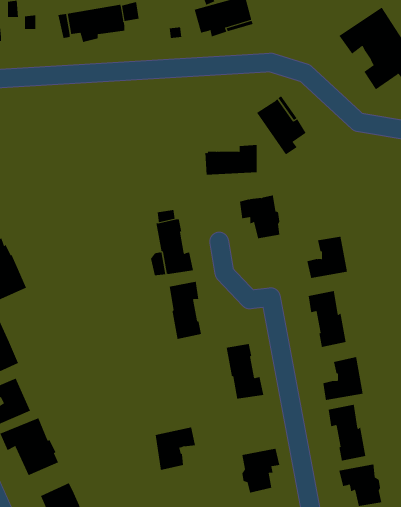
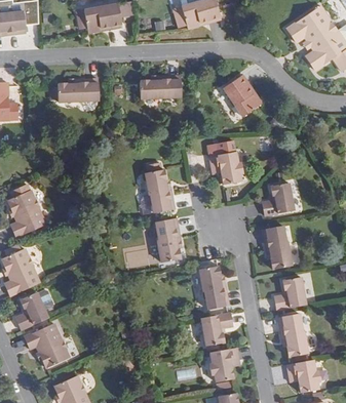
building: none -> [48,79,99,103]
building: [204,145,257,175] -> [140,76,181,99]
building: [155,427,196,471] -> [201,313,233,347]

